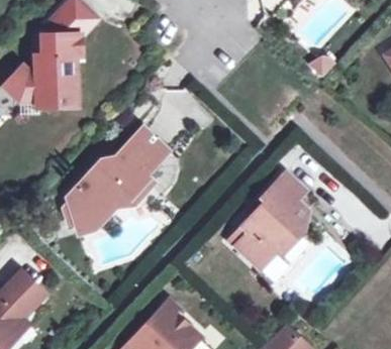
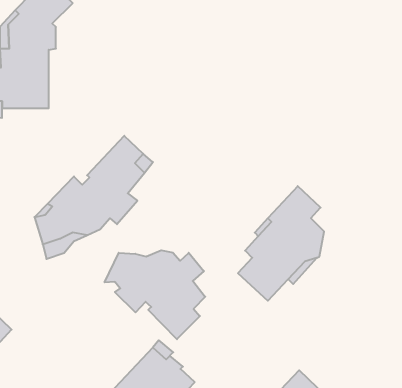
building: none -> [105,250,205,339]

